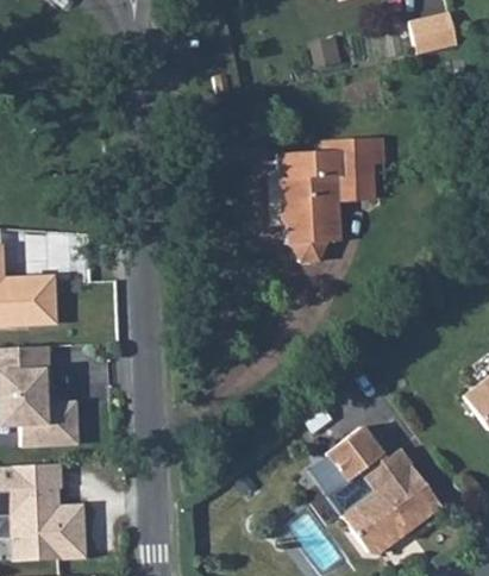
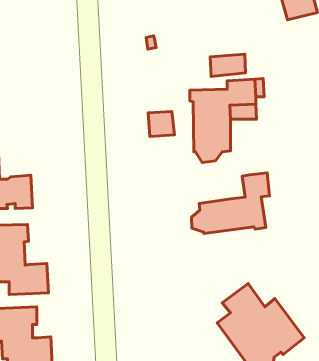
building: none -> [210,54,246,76]
building: none -> [148,111,175,137]
building: none -> [192,173,269,233]

